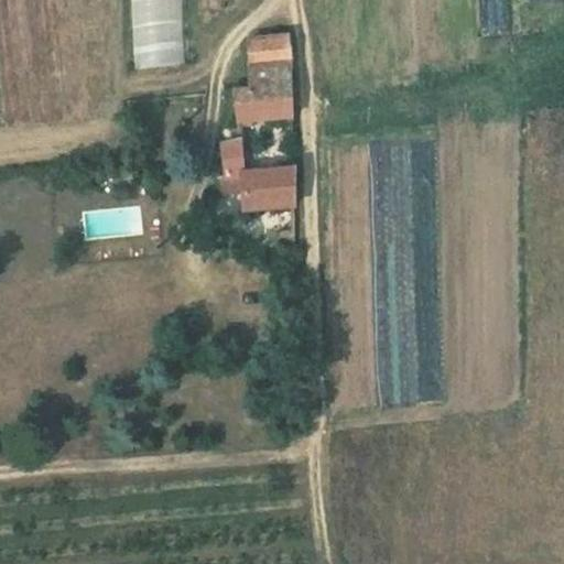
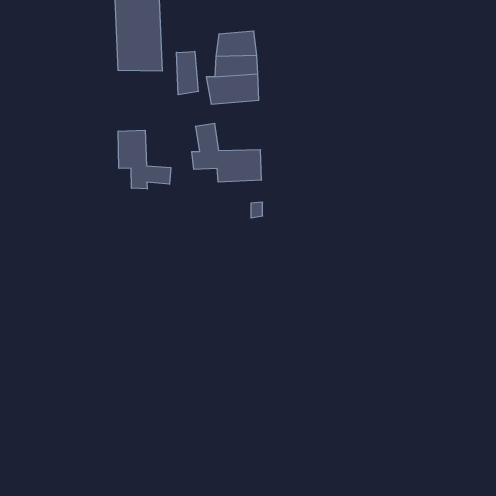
building: none -> [176,51,198,95]
building: none -> [118,130,171,189]

